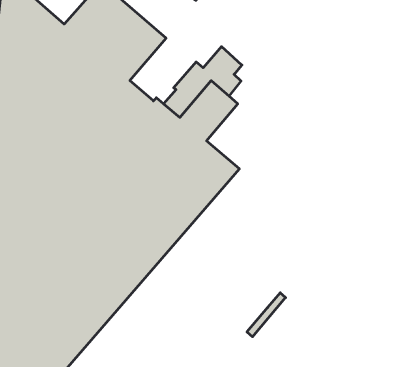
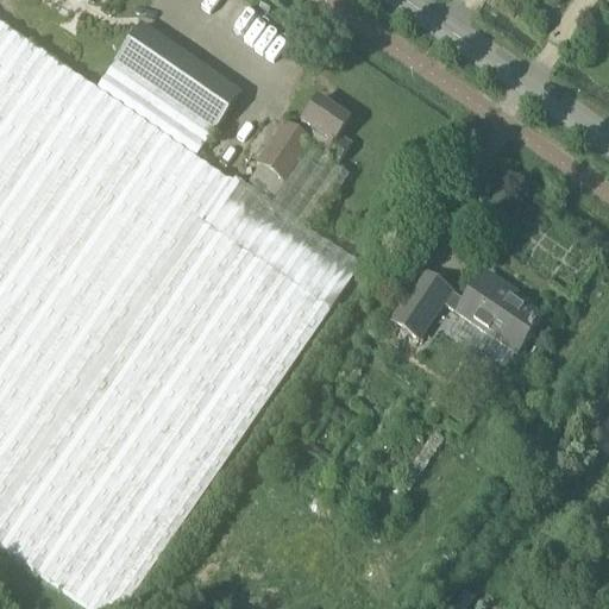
building: none -> [393,269,541,350]

